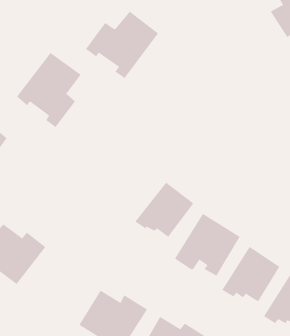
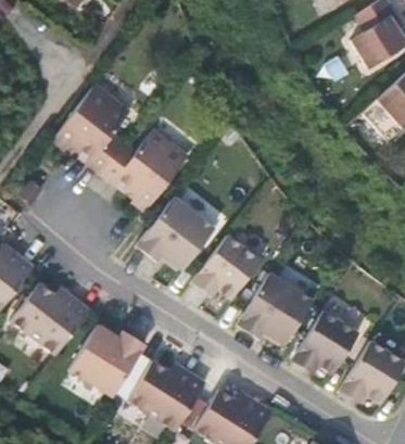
building: [85,11,159,79] -> [102,130,187,208]
building: none -> [137,200,214,271]
building: none -> [71,324,147,396]

